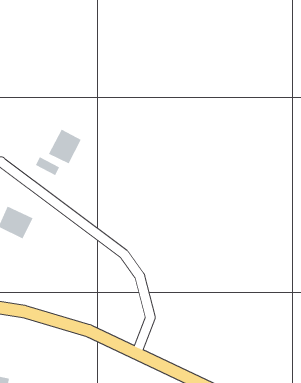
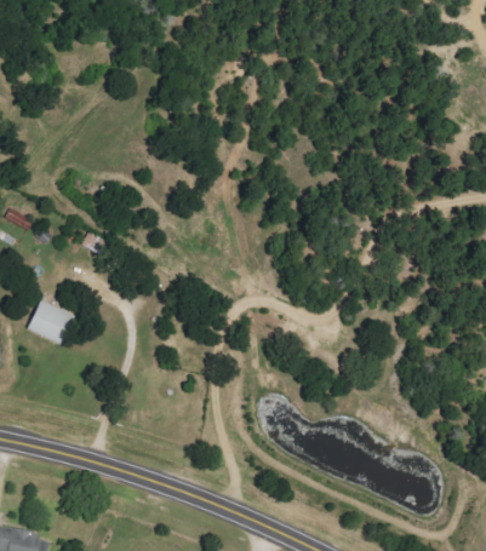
building: [48,129,81,164] -> none

